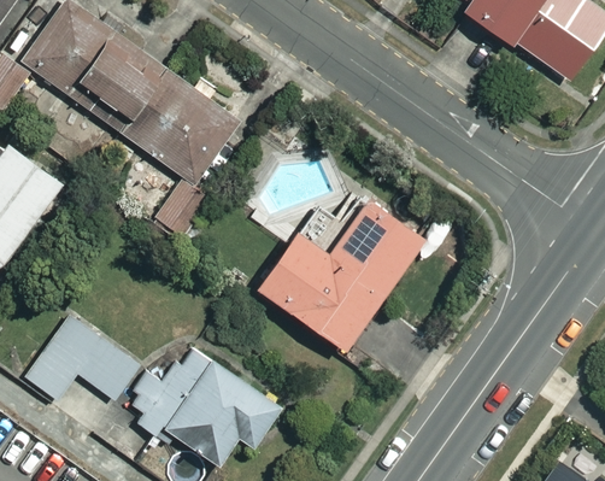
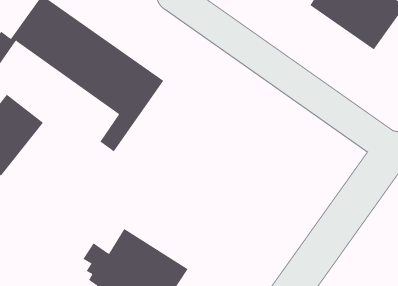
building: [264,189,430,352] -> none
building: [24,316,139,400] -> none

